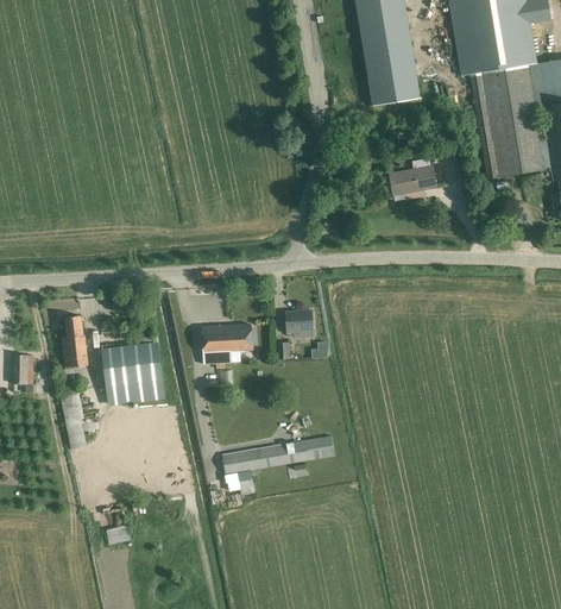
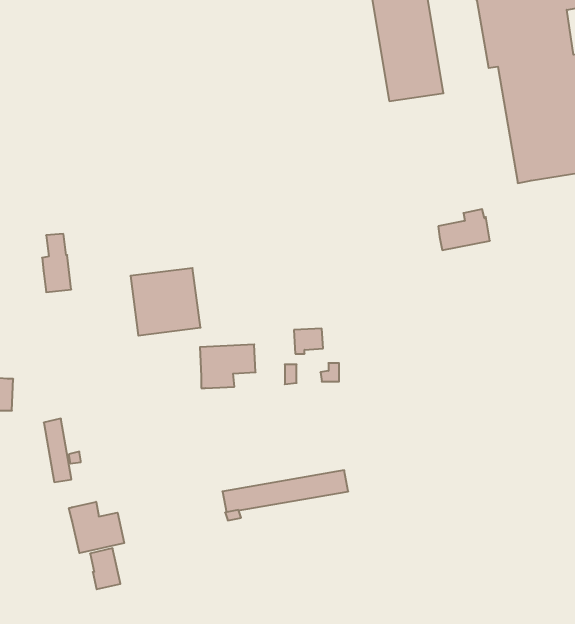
building: [390,157,436,194] -> [438,209,490,250]
building: [62,315,88,368] -> [42,234,71,292]
building: [102,343,165,403] -> [130,268,201,336]
building: none -> [69,502,124,553]

